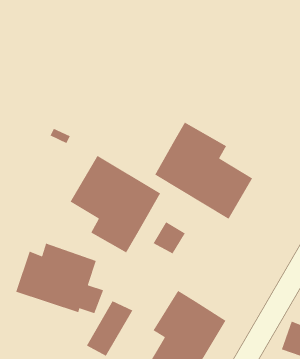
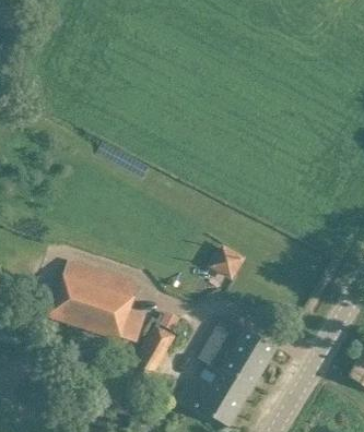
building: [154,122,253,220] -> none
building: [70,155,161,254] -> none

